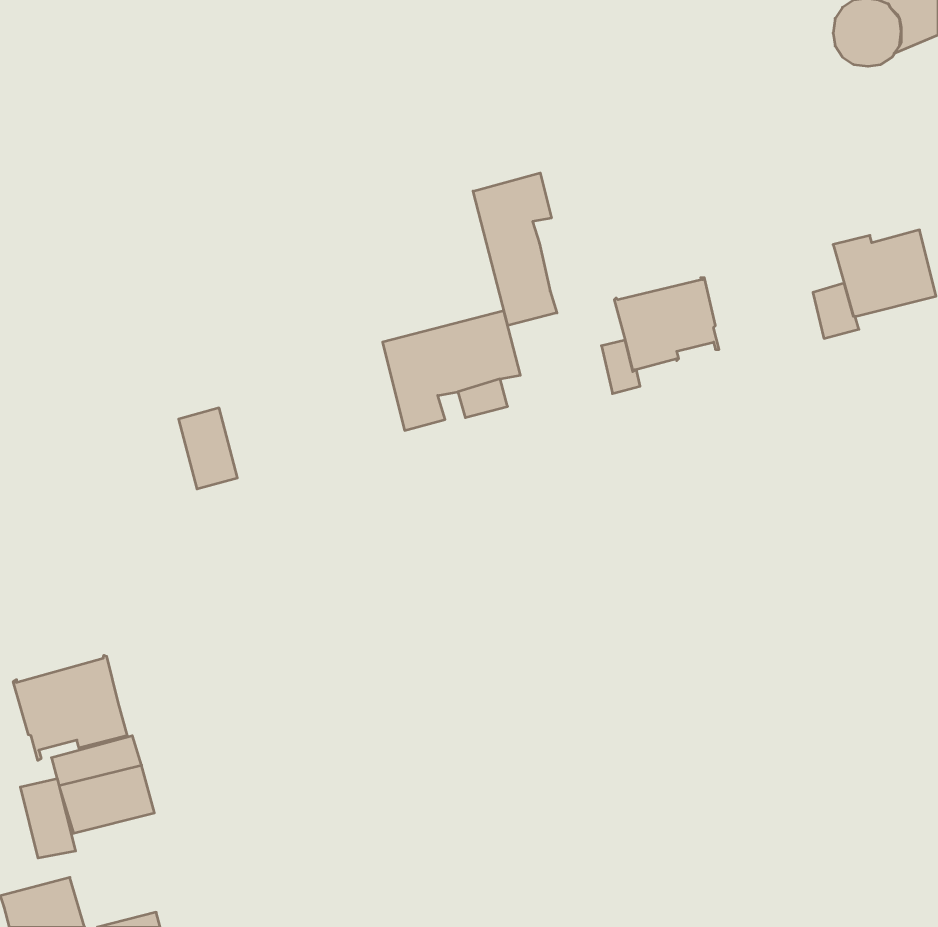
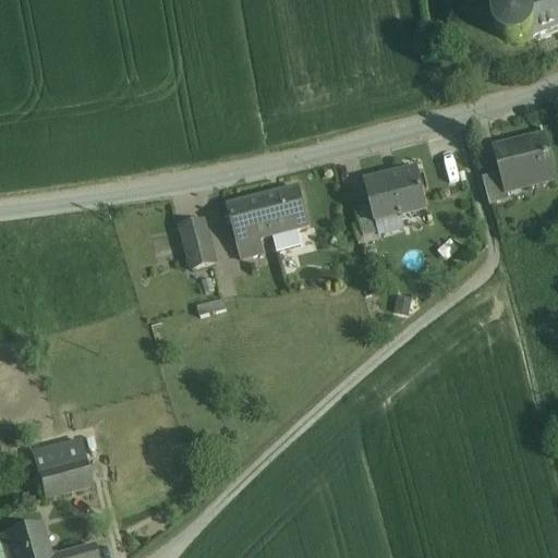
building: [473,173,557,326] -> none
building: [179,408,237,489] -> [180,217,215,265]
building: [13,655,128,760] -> none
building: [20,779,76,858] -> none

